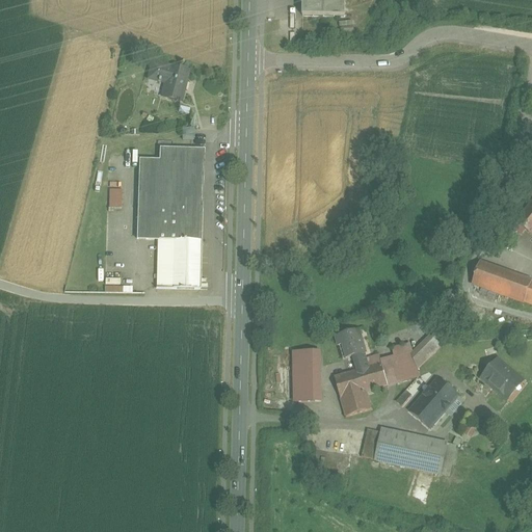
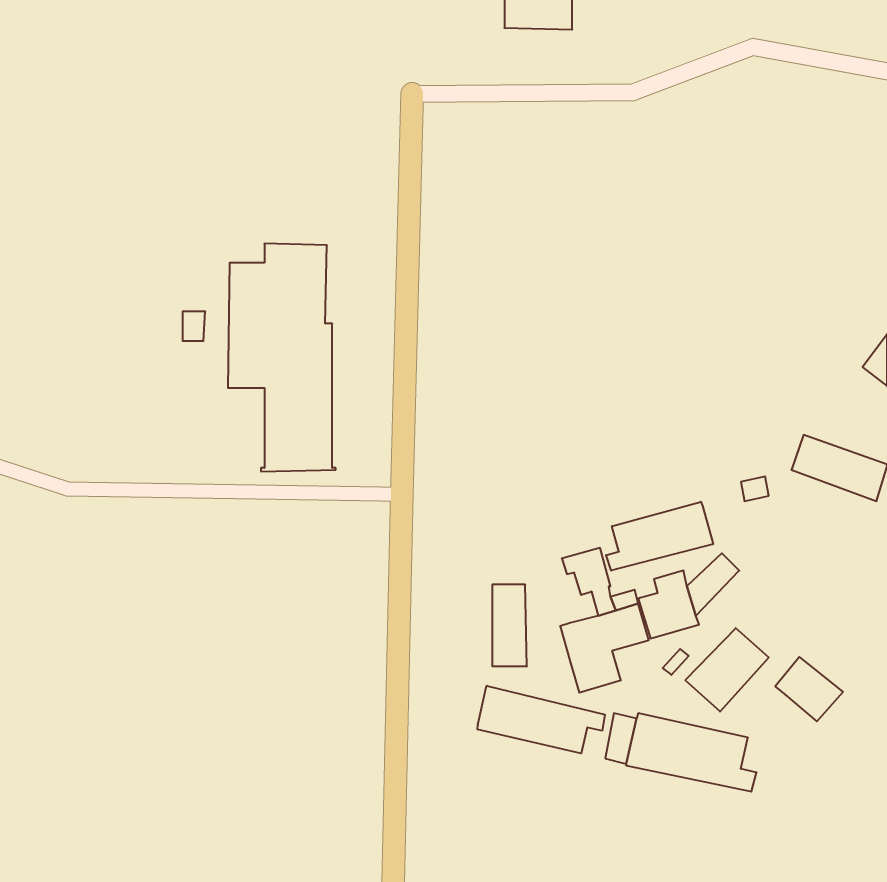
building: [150,59,188,99] -> none
building: none -> [606,502,713,571]
building: [482,357,523,396] -> [775,657,843,721]
building: none -> [477,686,605,753]

